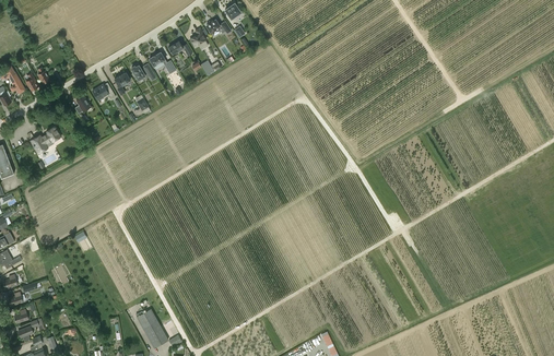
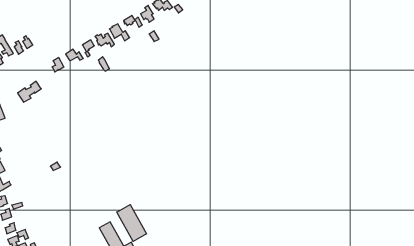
building: none -> [117,205,146,241]

